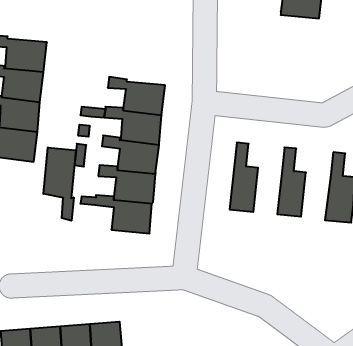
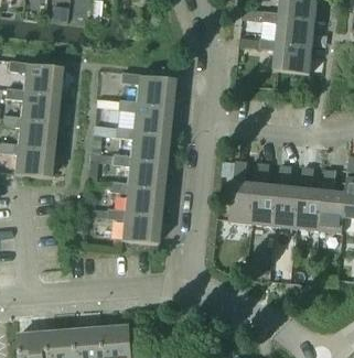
building: none -> [259,36,312,73]
building: none -> [119,72,173,107]
building: none -> [251,162,278,226]
building: [43,147,76,221] -> none
building: none -> [296,166,323,231]

